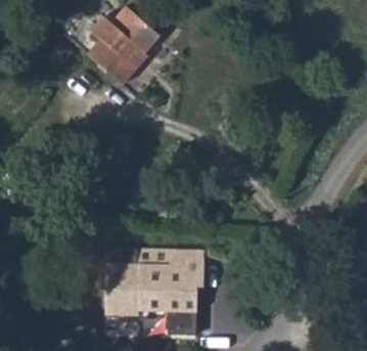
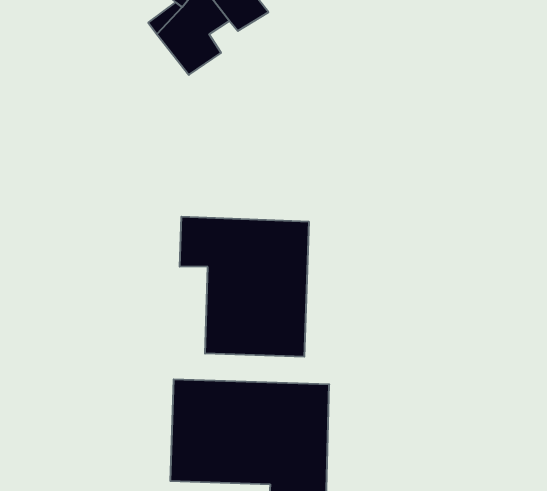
building: none -> [180,217,309,357]

